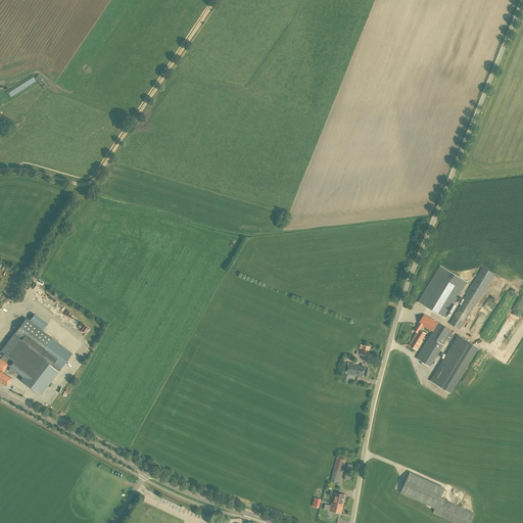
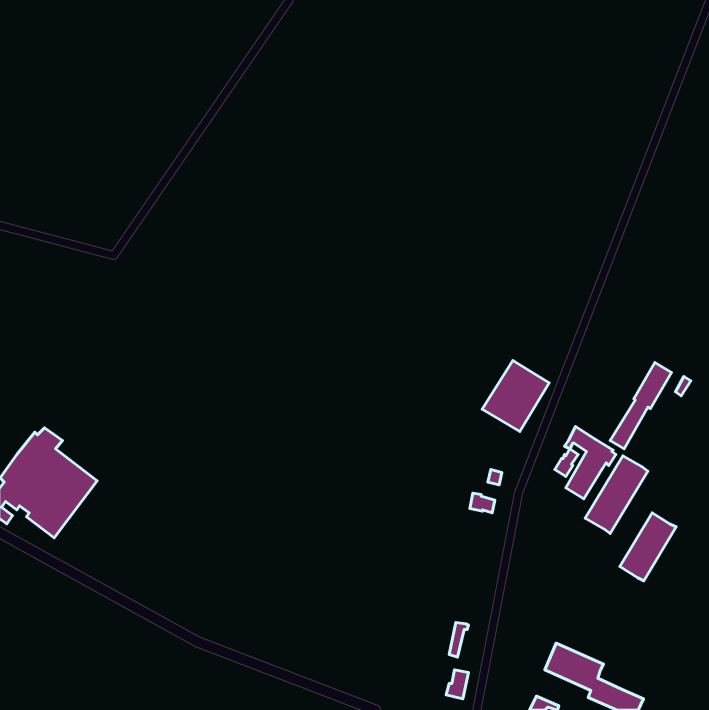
building: [417,266,466,318] -> [482,361,549,431]
building: none -> [620,513,676,581]

